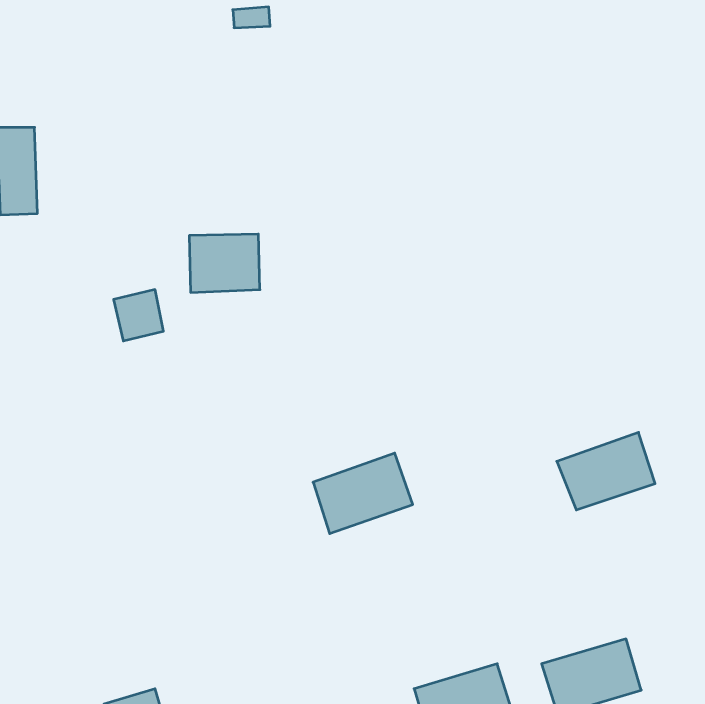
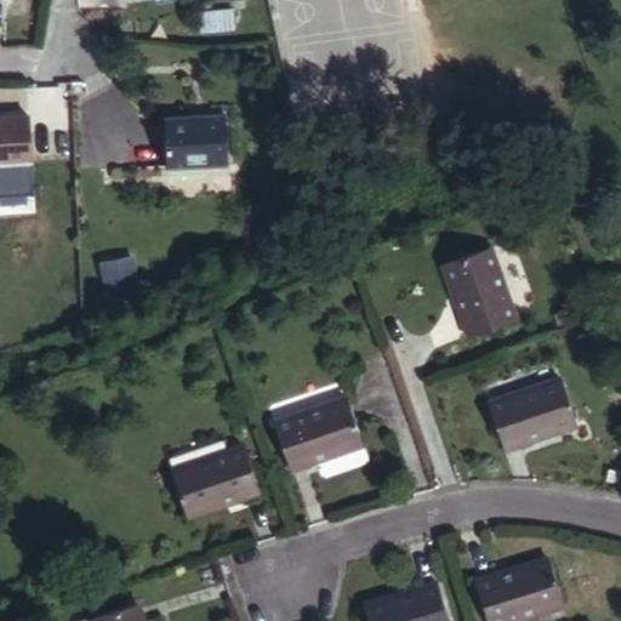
building: [189,234,260,292] -> [170,114,232,165]
building: none -> [445,249,513,337]
building: none -> [171,448,256,518]

